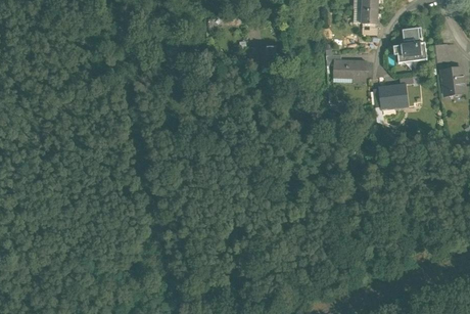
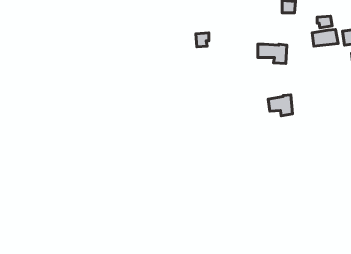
building: [379,83,408,107] -> [268,95,293,116]

